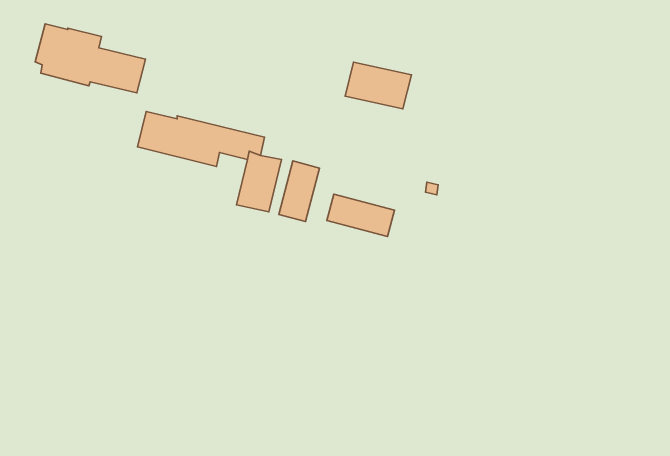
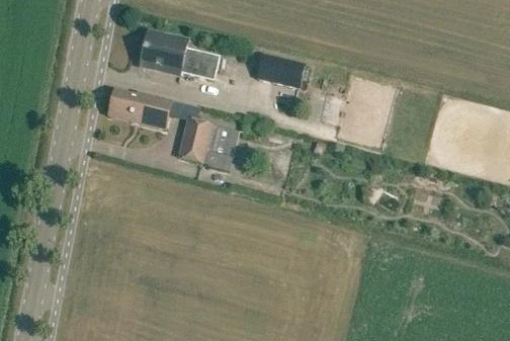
building: [35,24,145,93] -> [140,30,219,80]
building: [327,194,394,236] -> none

